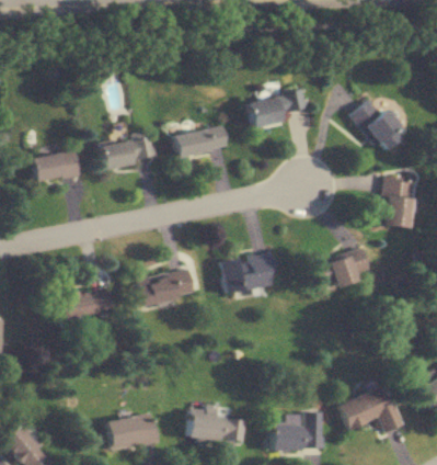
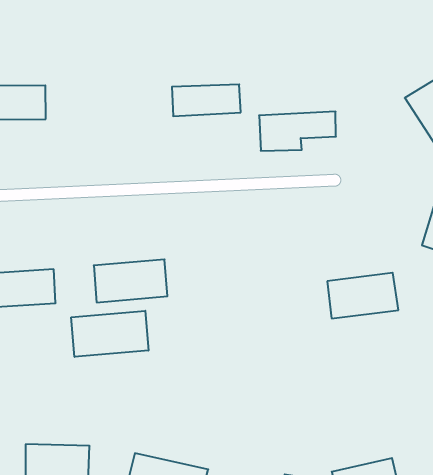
building: [246,89,307,127] -> [259,112,336,151]
building: [102,136,159,168] -> none
building: [221,250,276,293] -> none
building: none -> [71,311,148,357]

